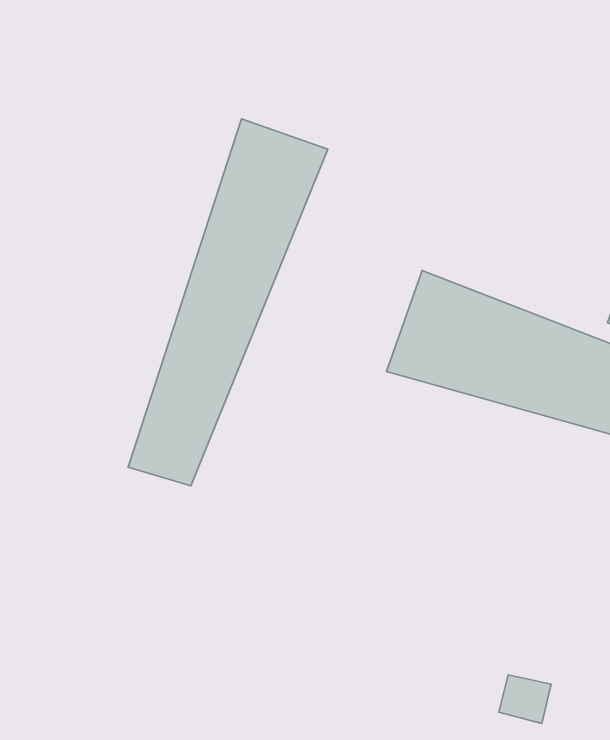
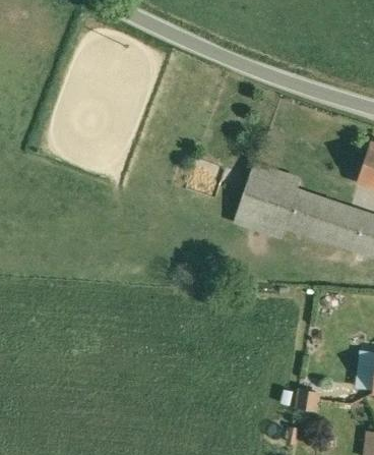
building: [128,119,328,486] -> none

